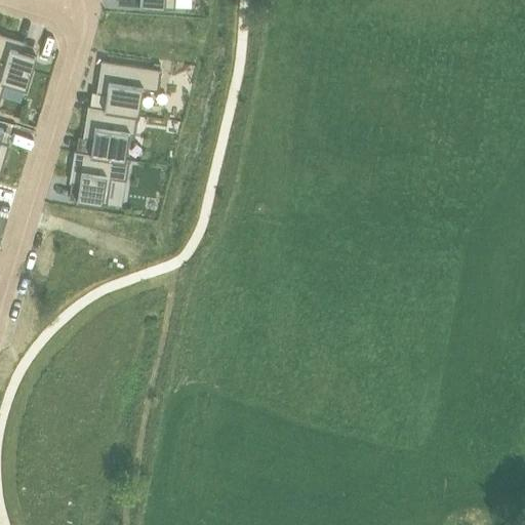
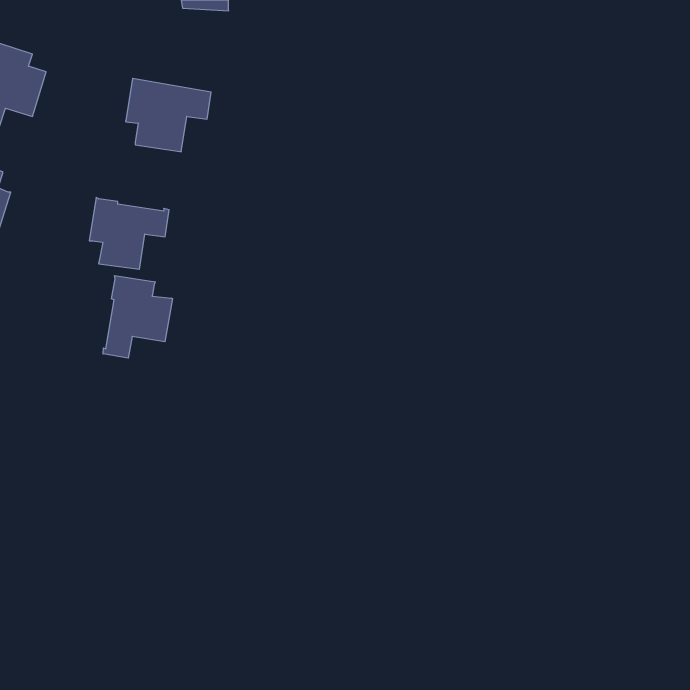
building: [81,106,136,161] -> none
building: none -> [103,276,173,358]

